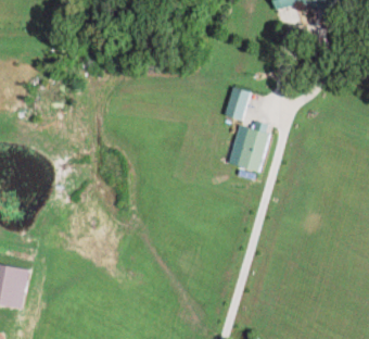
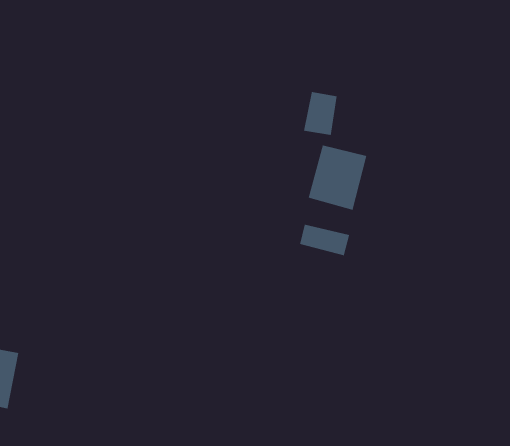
building: none -> [299,224,350,256]

